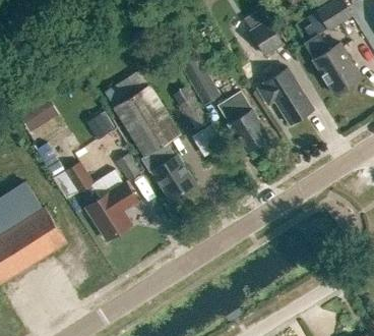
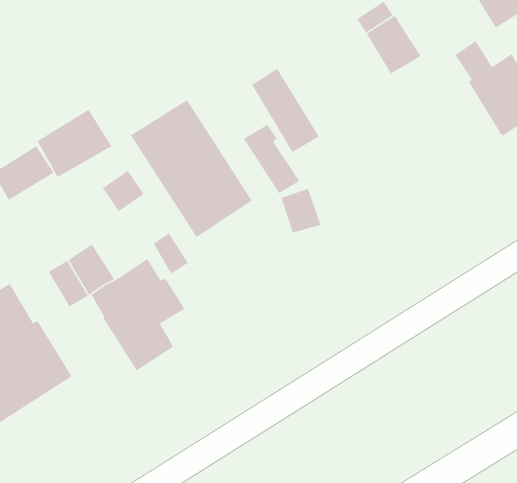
building: [257,68,314,125] -> none
building: none -> [36,109,113,178]
building: [217,92,268,152] -> none
building: [138,144,193,199] -> none

